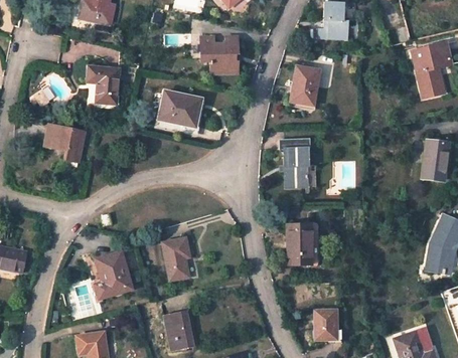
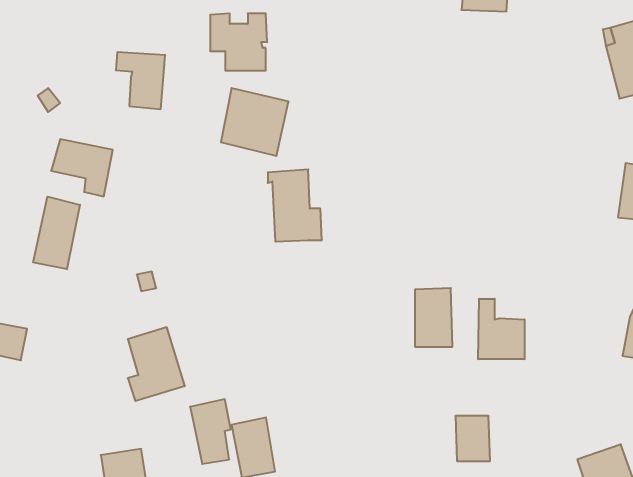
building: [200,35,239,73] -> [210,13,267,71]
building: [290,65,320,105] -> none
building: [281,139,317,187] -> [268,169,322,242]
building: none -> [33,197,80,269]
building: none -> [478,299,525,359]
building: [162,236,189,280] -> [190,399,231,464]

